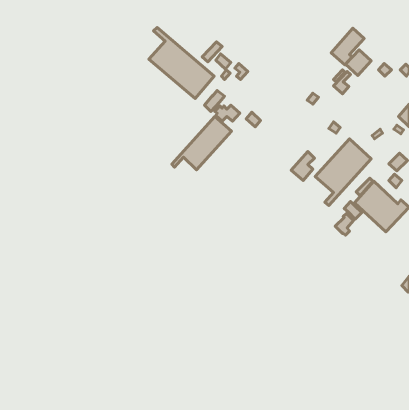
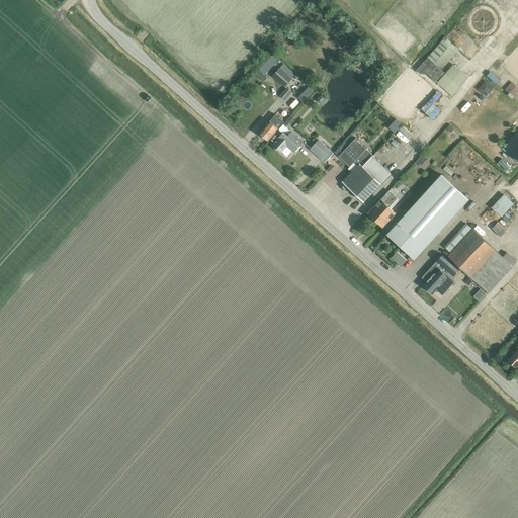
building: [149,27,214,99] -> none
building: none -> [339,140,391,202]
building: [172,116,231,170] -> none
building: none -> [386,223,421,255]

